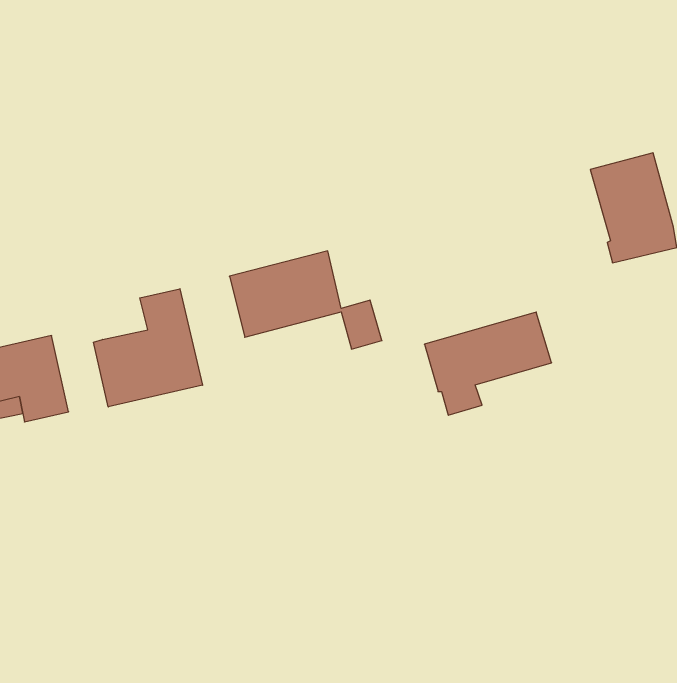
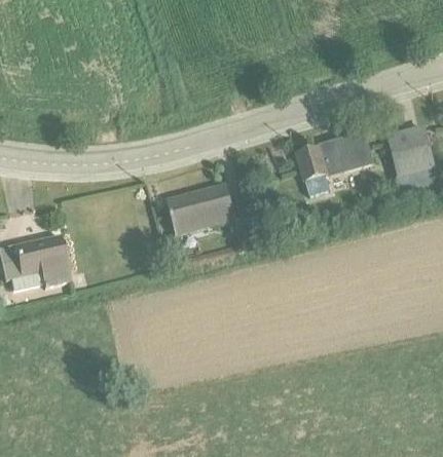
building: [94,289,203,407] -> none
building: [424,312,552,415] -> [296,132,373,195]

